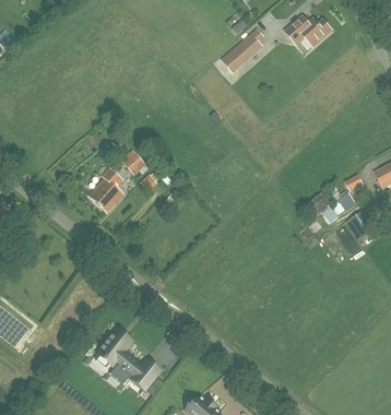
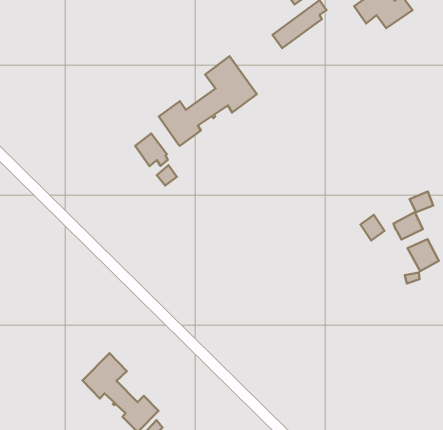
building: none -> [159,56,257,146]
building: [90,168,122,211] -> none

